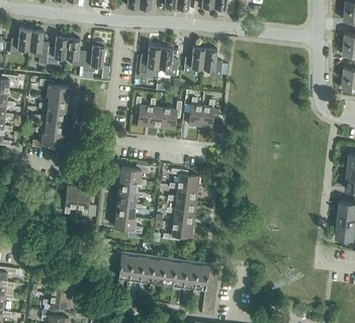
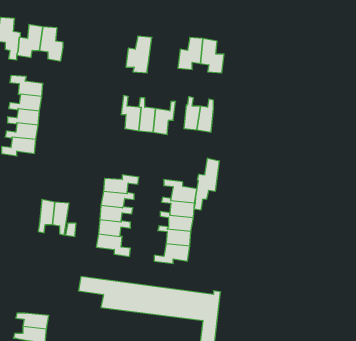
building: [83,41,105,72] -> none
building: [158,47,178,76] -> none
building: none -> [194,158,219,210]

